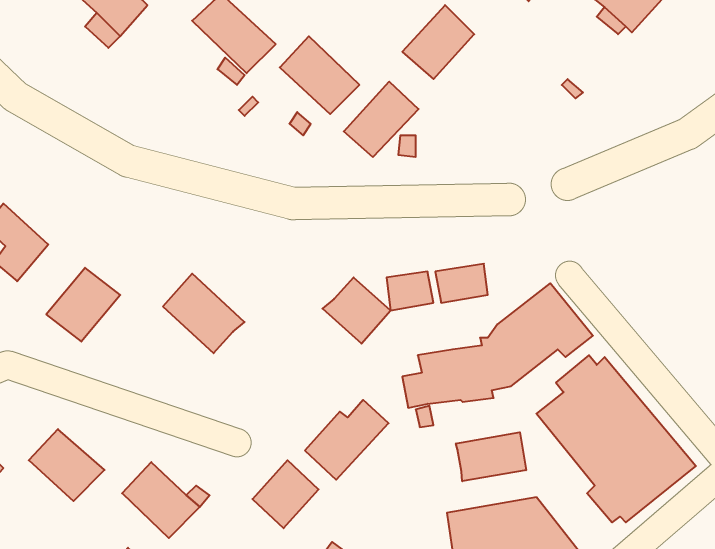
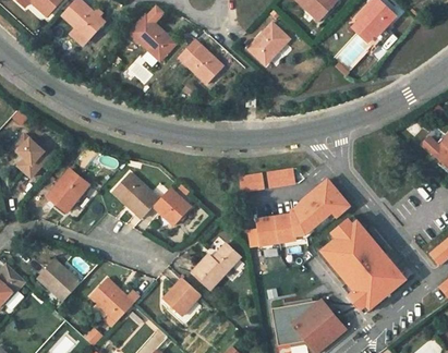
building: [344,82,419,157] -> none
building: [322,277,391,344] -> [152,188,190,226]
building: [456,432,526,481] -> none

